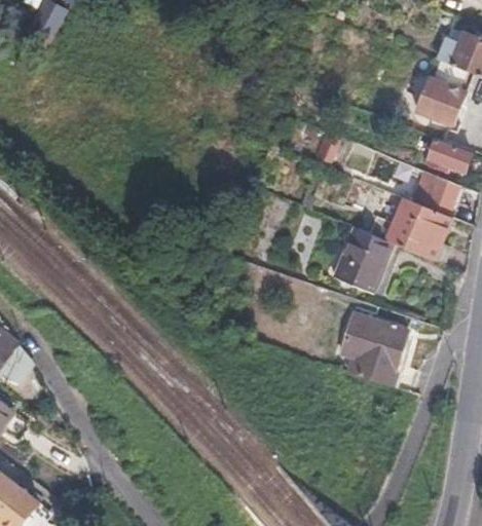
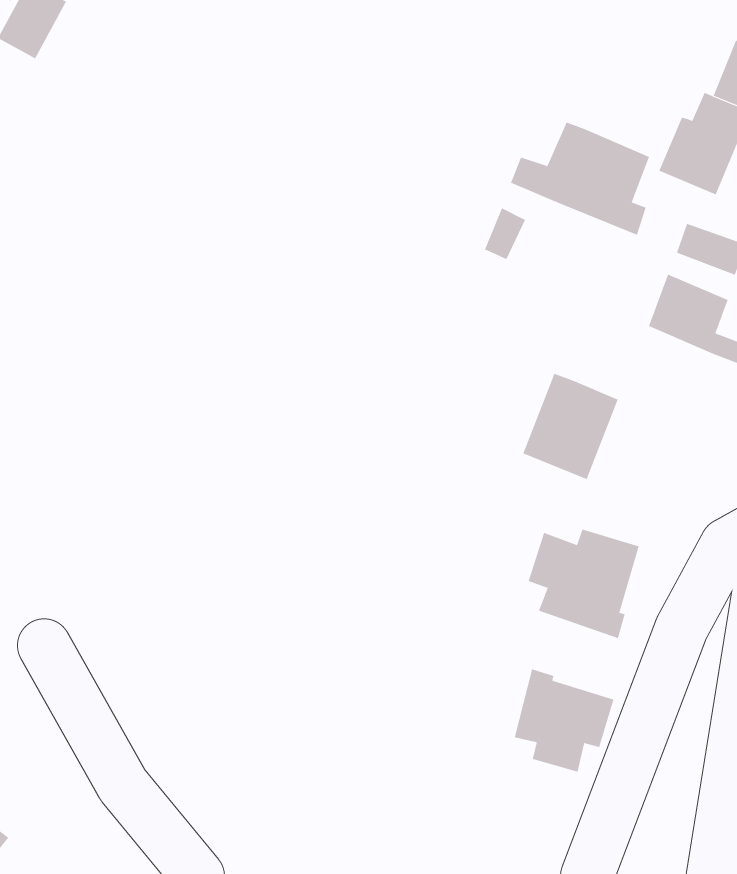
building: [368,197,450,264] -> [510,122,650,235]
building: none -> [514,668,614,773]

